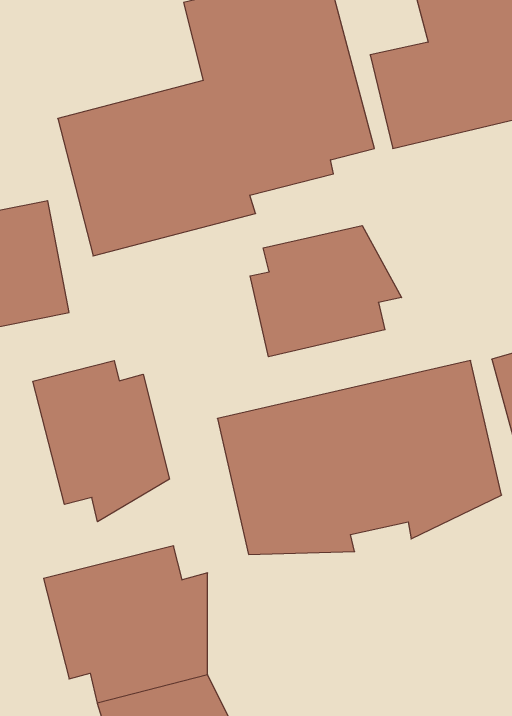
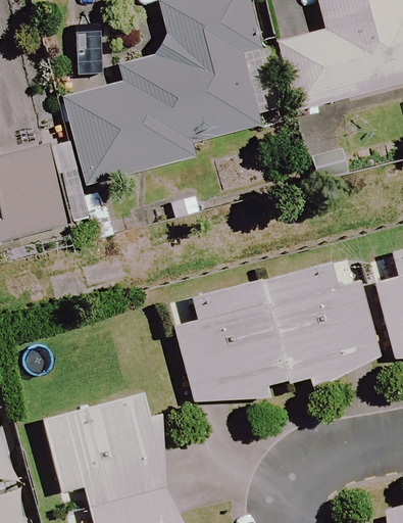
building: [250,226,402,357] -> none
building: [33,361,169,522] -> none

